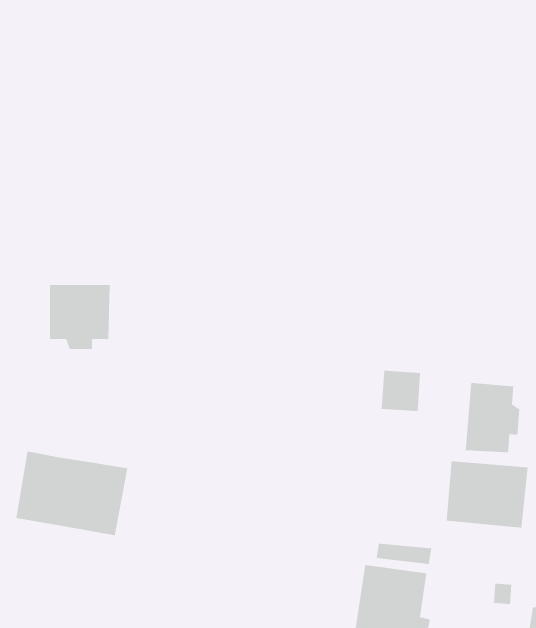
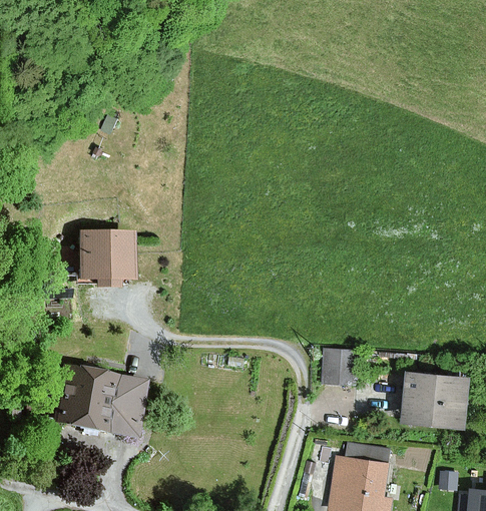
building: [381,370,421,412] -> [323,351,355,384]
building: [465,382,520,453] -> none

